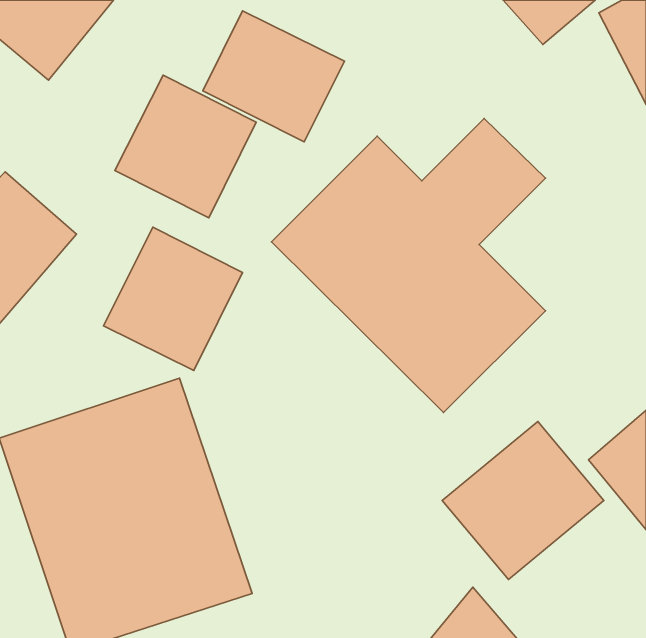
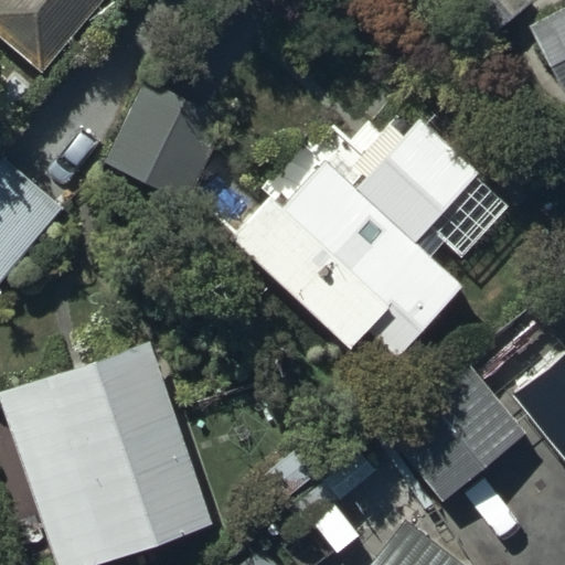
building: [203,11,345,142] -> none
building: [104,227,242,370] -> none

